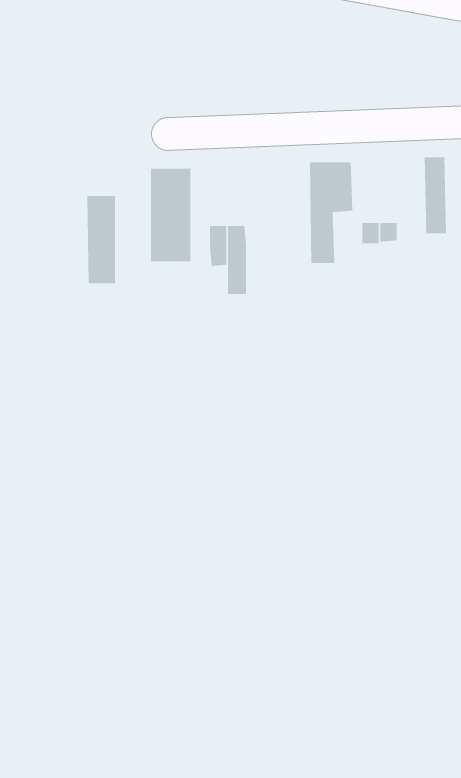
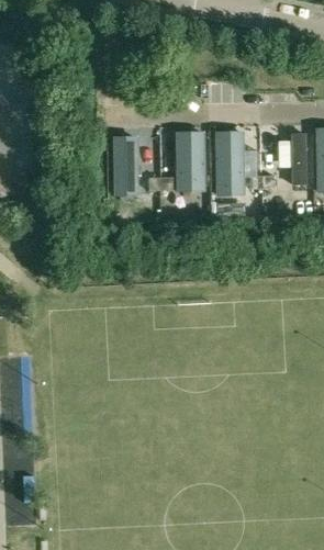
building: [86,195,116,284] -> [176,132,195,191]

